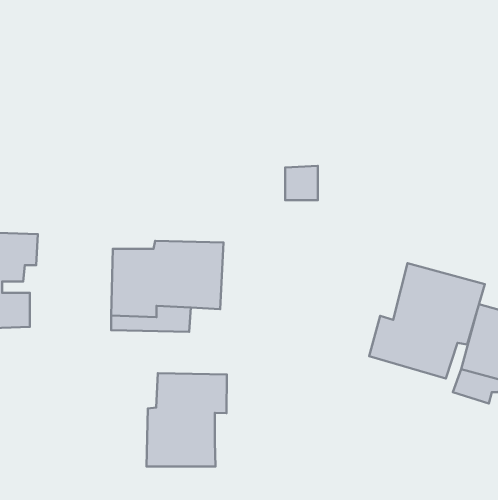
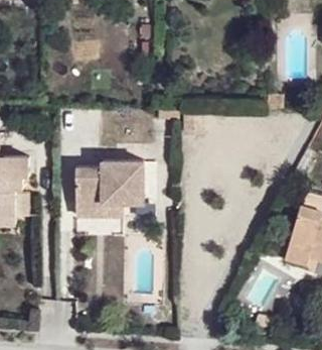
building: [369,263,485,378] -> none
building: [147,373,227,467] -> none

